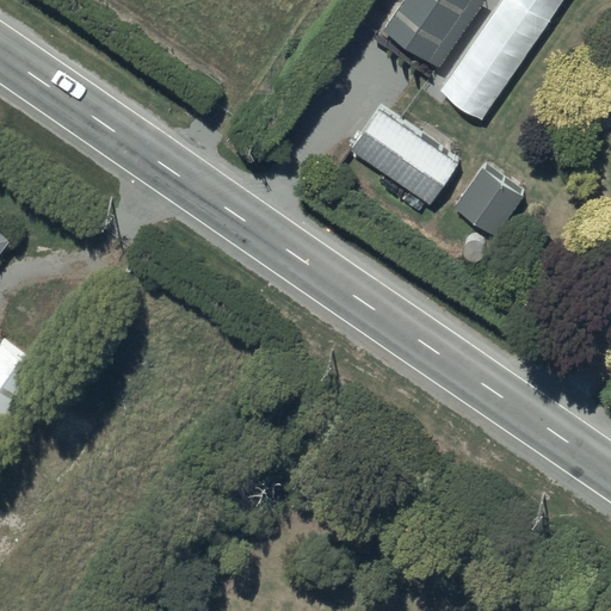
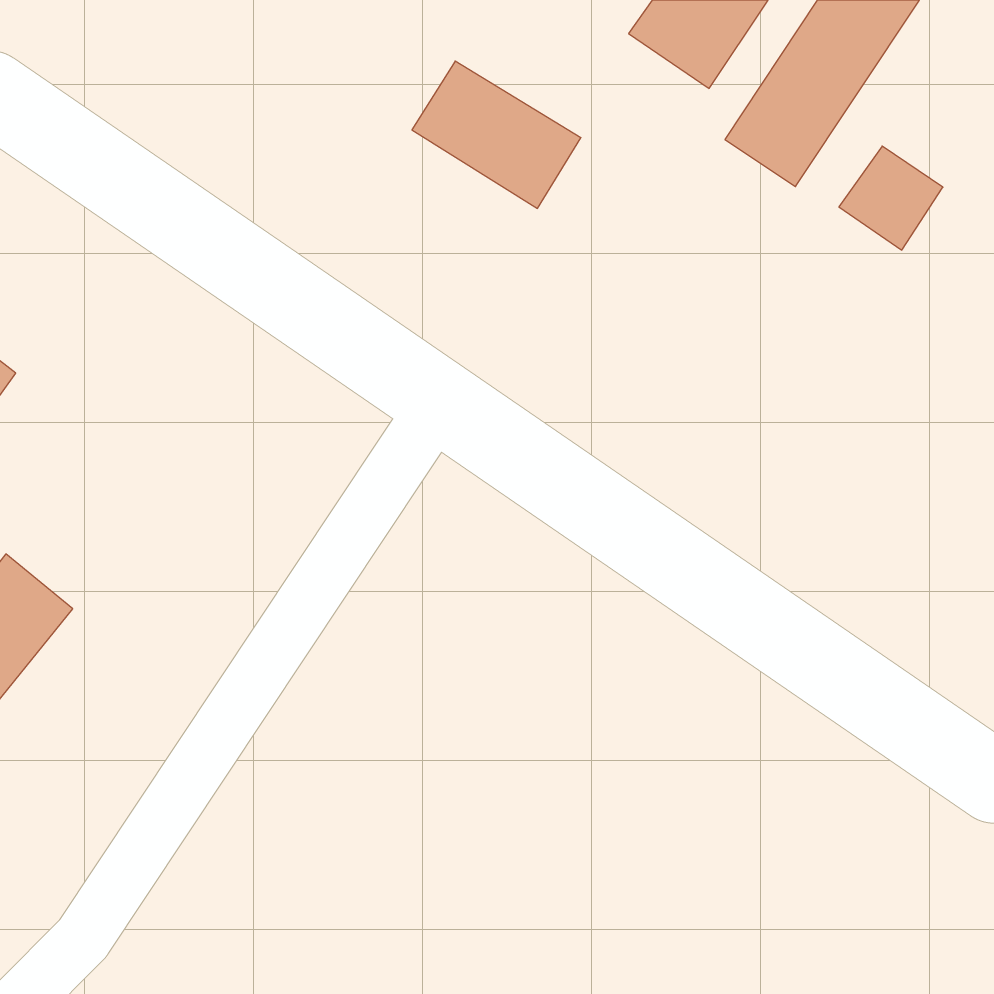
building: [350,111,452,200] -> [412,61,581,208]
building: [456,169,519,233] -> [839,146,943,250]

